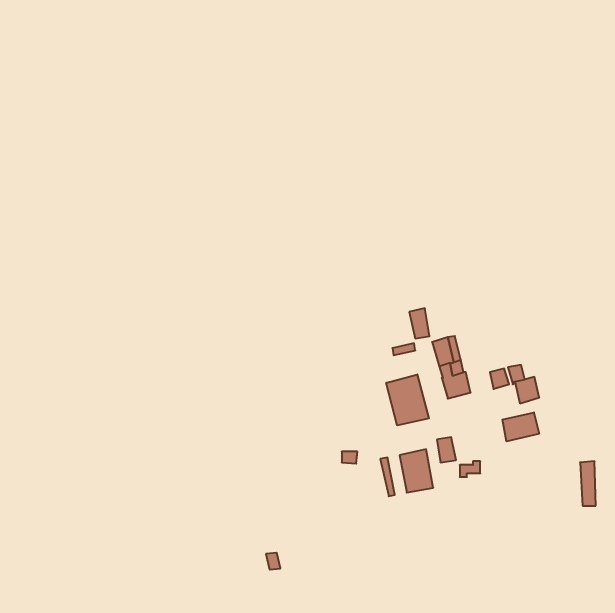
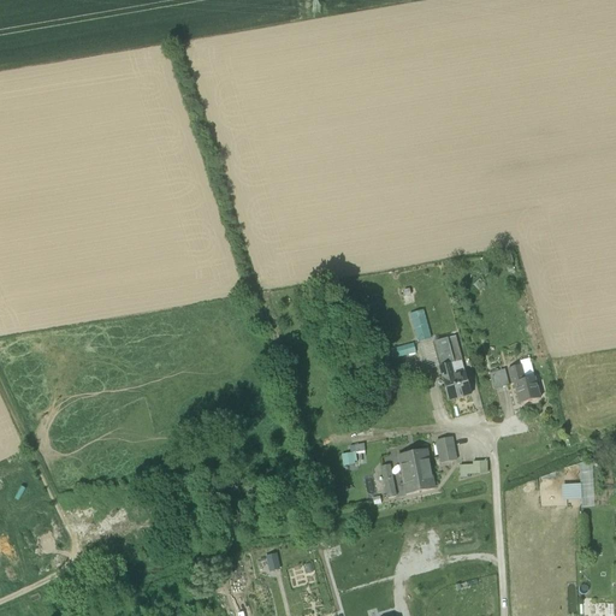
building: [386,374,429,425] -> none
building: [502,412,539,441] -> none

